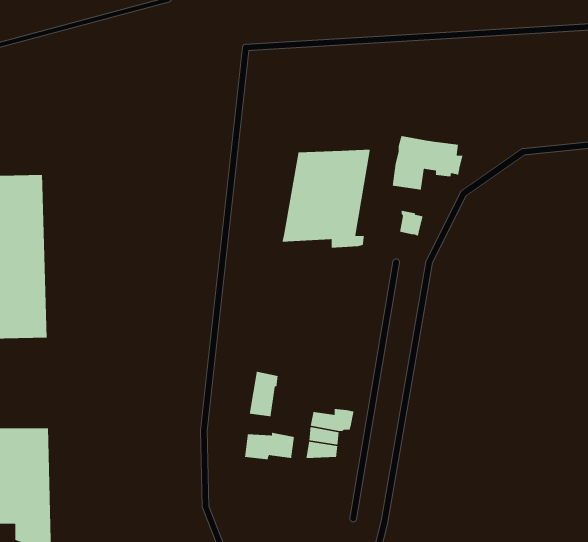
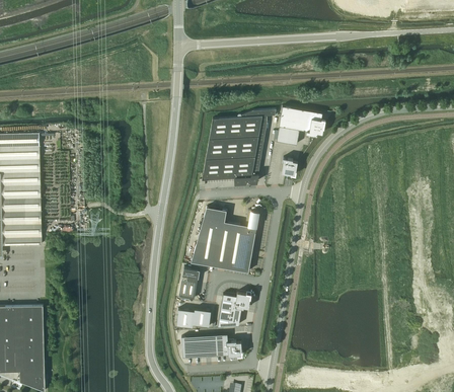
building: none -> [190,208,258,272]
building: none -> [180,334,241,358]

